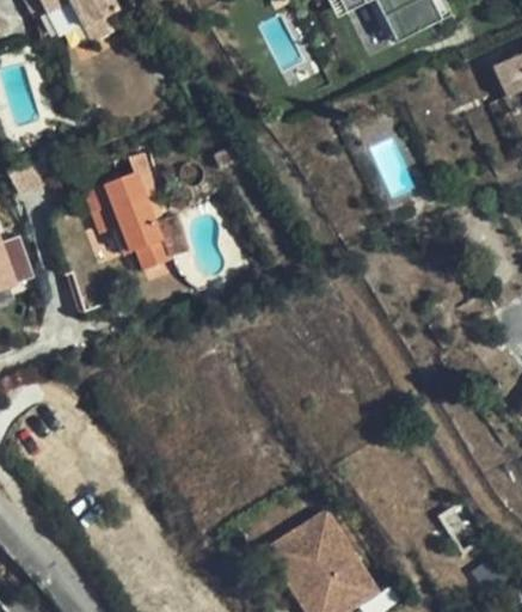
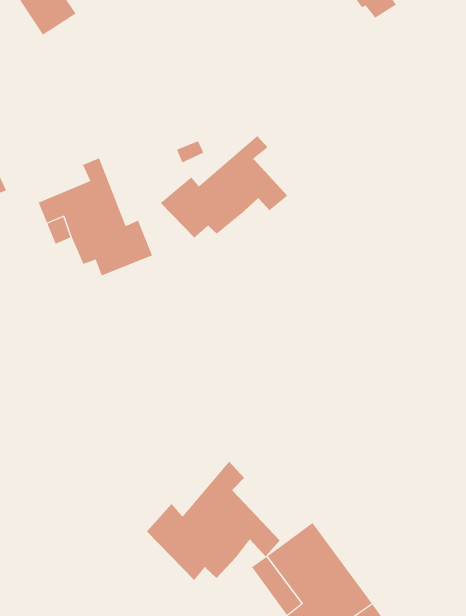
building: none -> [160,135,288,238]
building: none -> [146,461,281,581]

